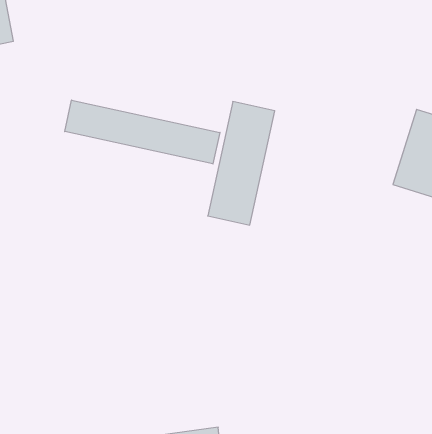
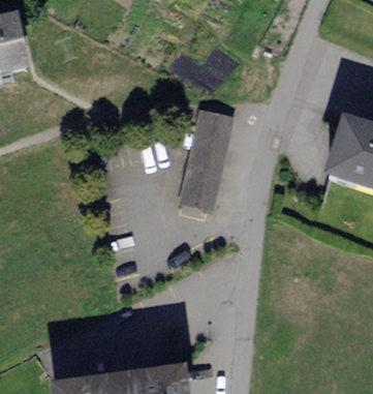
building: [65,100,220,164] -> none

